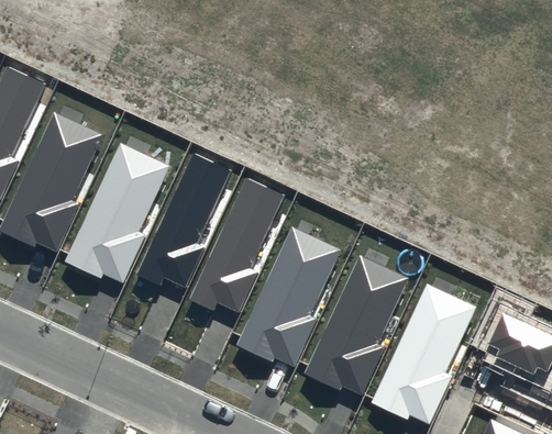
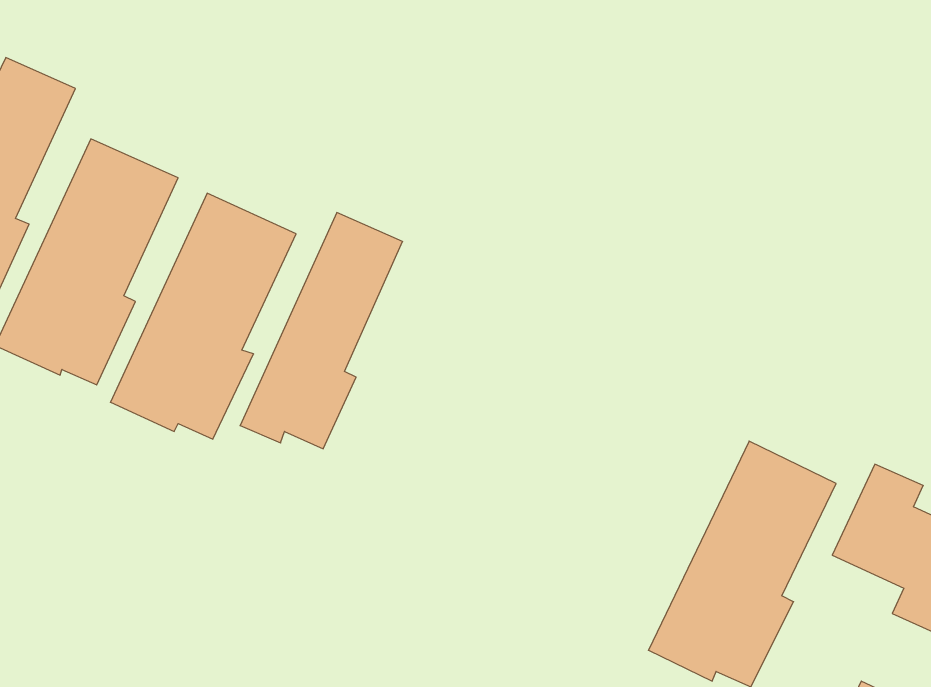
building: [189,178,284,313] -> none
building: [238,227,341,367] -> none
building: [305,256,407,396] -> none

